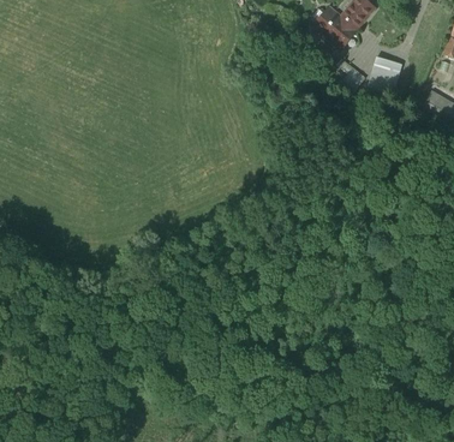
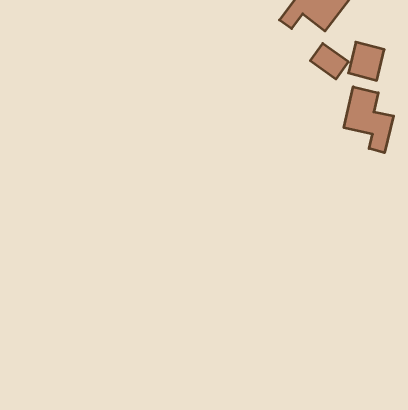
building: none -> [344,87,394,153]

